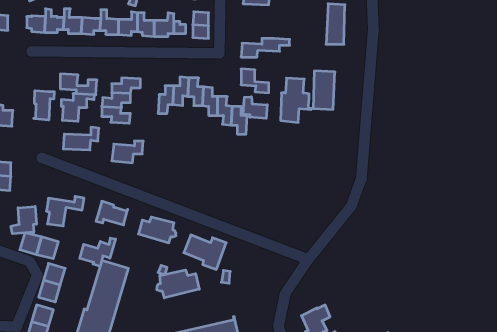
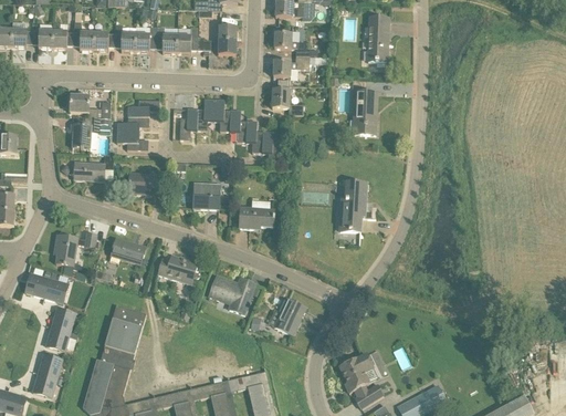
building: none -> [11,21,32,48]
building: none -> [273,33,310,55]
building: [281,78,312,122] -> [339,183,375,232]
building: [34,91,54,120] -> none
building: [243,97,267,118] -> none
building: none -> [192,181,220,209]
building: none -> [239,207,274,229]
building: [11,206,36,234] -> none
building: [80,238,116,267] -> none
building: none -> [273,299,305,335]
building: [157,270,199,298] -> none

